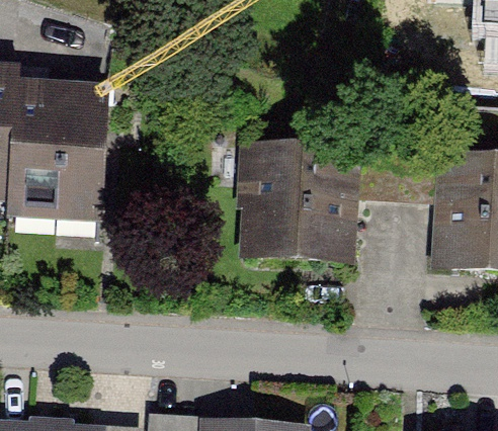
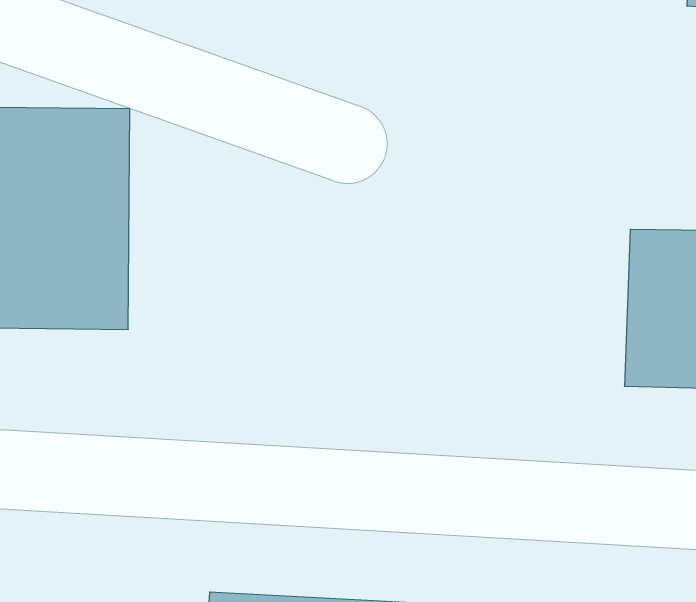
building: [245,153,363,269] -> none

